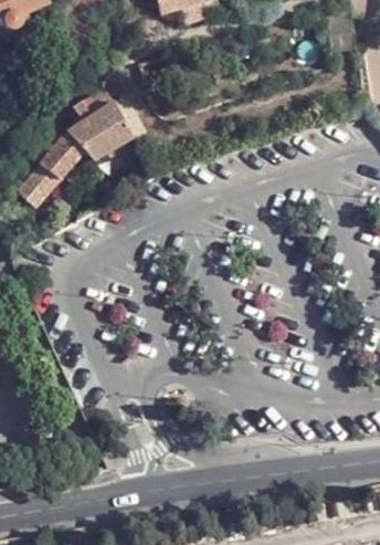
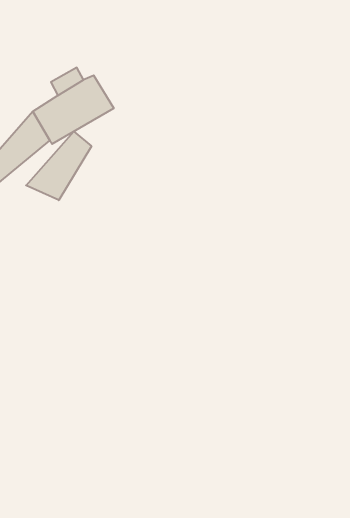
building: none -> [26,131,91,200]

